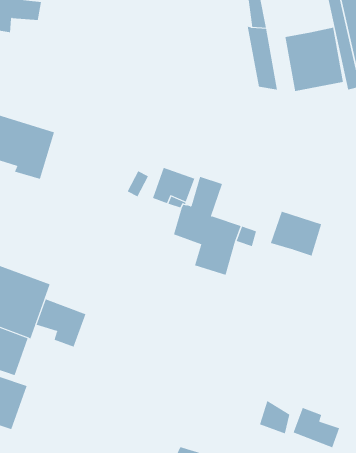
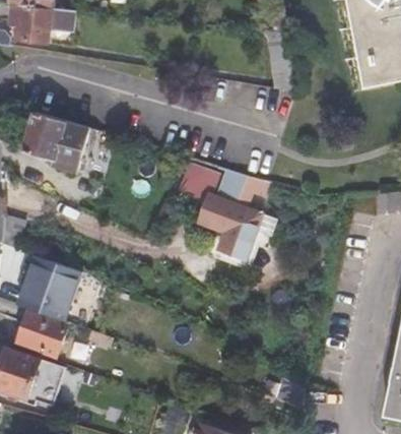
building: [285,27,343,92] -> none
building: [270,211,322,256] -> none
building: [36,298,86,348] -> none
building: [293,407,340,448] -> none

